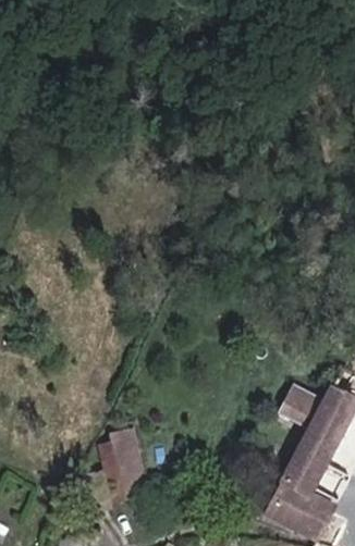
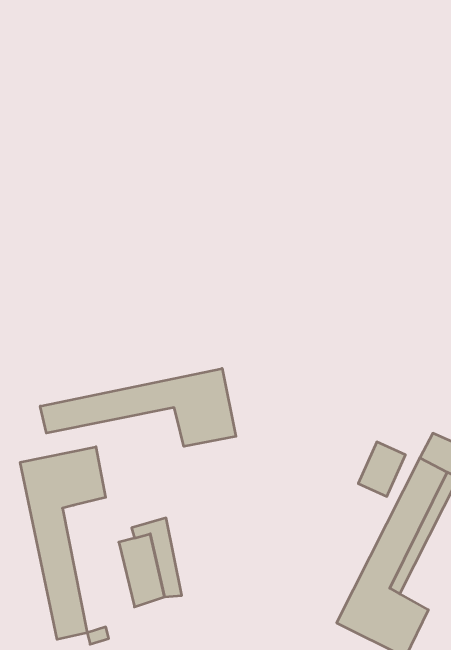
building: none -> [40,368,236,446]
building: none -> [20,447,106,639]

